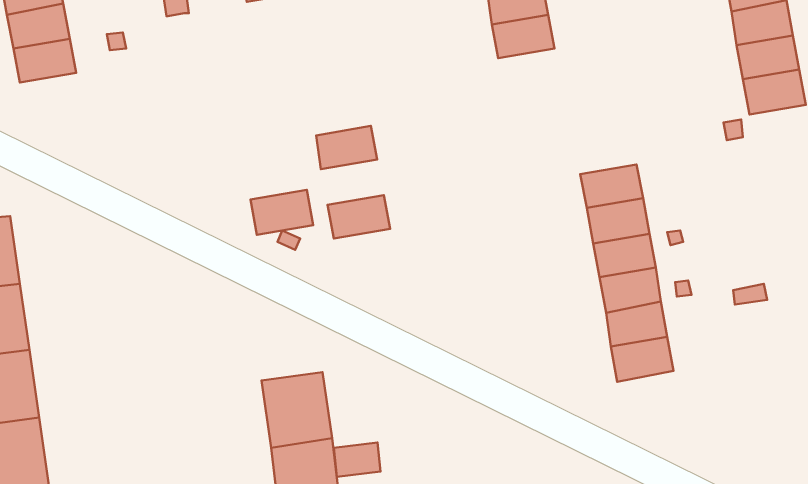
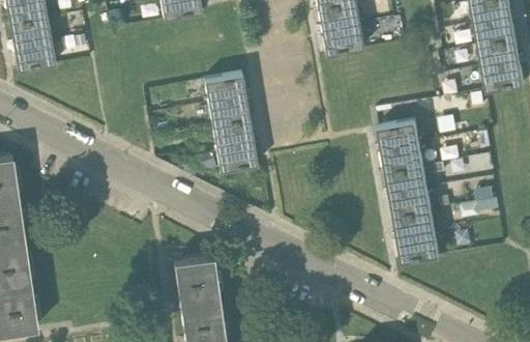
building: none -> [204,72,243,101]
building: [250,190,313,235] -> [211,116,252,145]
building: [334,443,381,477] -> none

